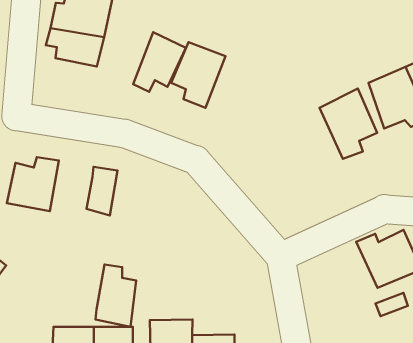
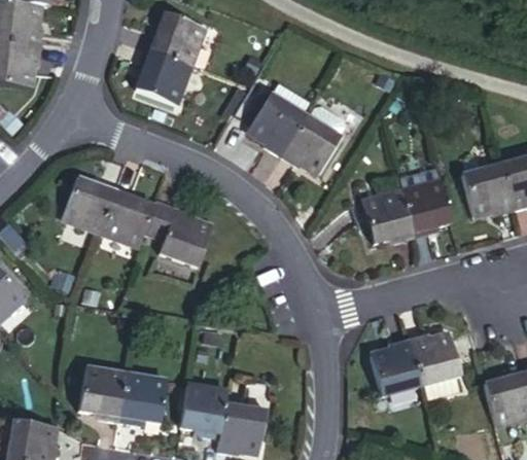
building: [133,32,186,92] -> [282,109,345,172]
building: none -> [366,181,419,248]
building: none -> [98,189,149,255]
building: none -> [375,330,432,395]
building: [95,265,136,327] -> [157,211,208,282]

